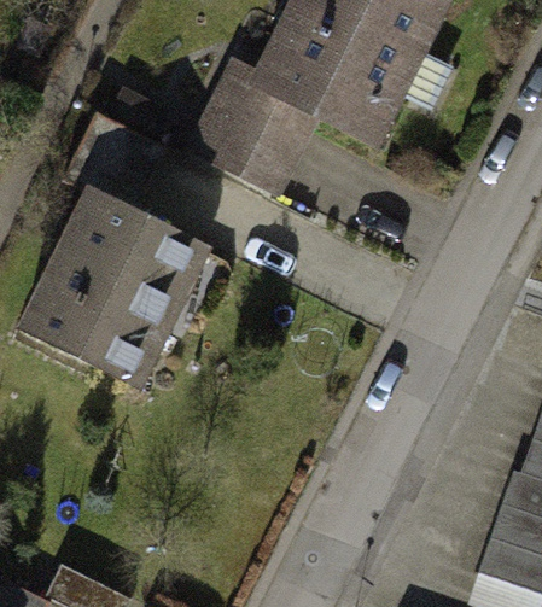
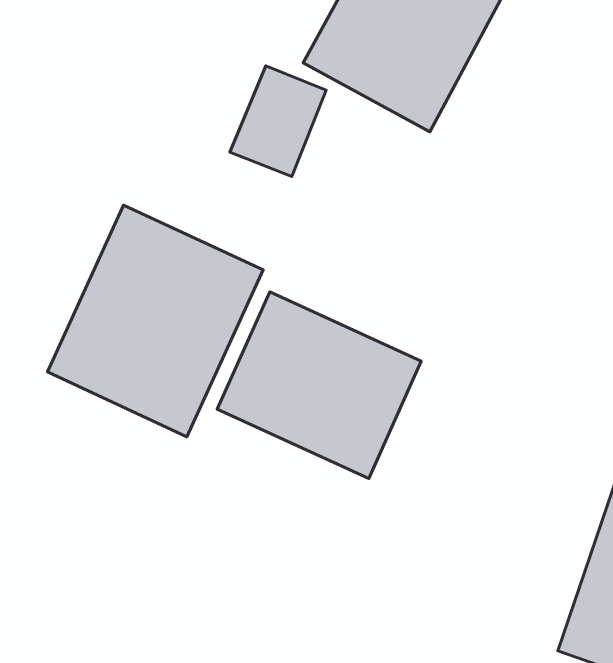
building: none -> [217,292,421,479]

